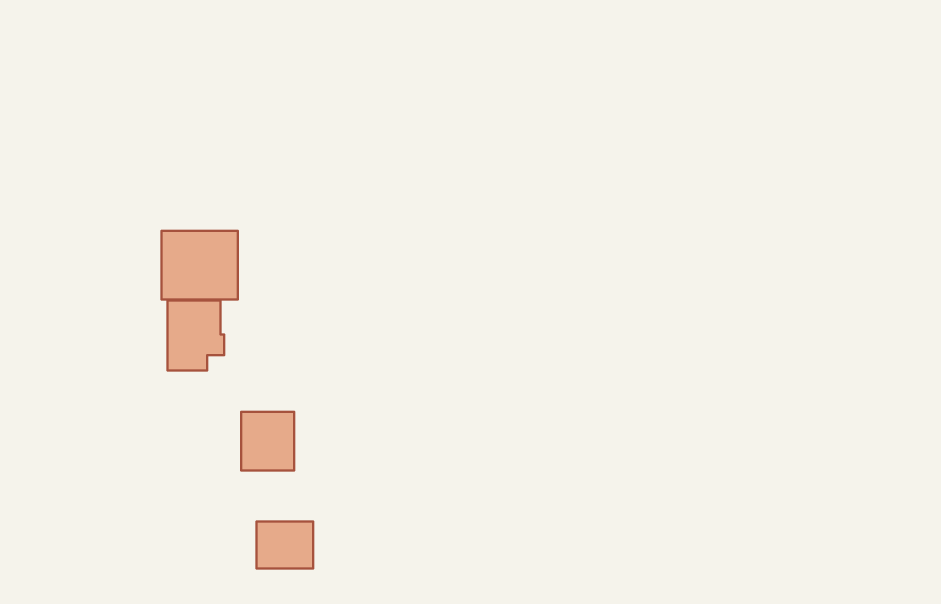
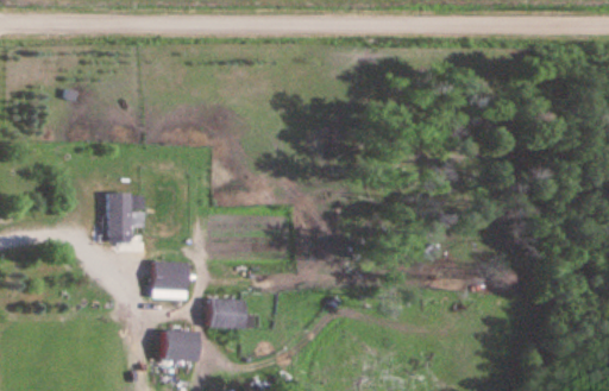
building: [162,231,238,299] -> none
building: none -> [209,299,245,328]

